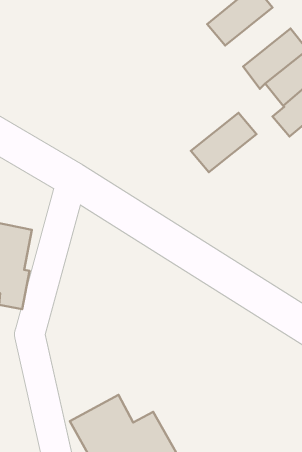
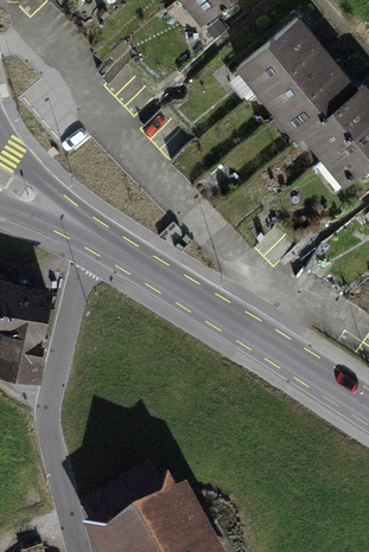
building: [191,113,257,172] -> [263,46,337,113]

